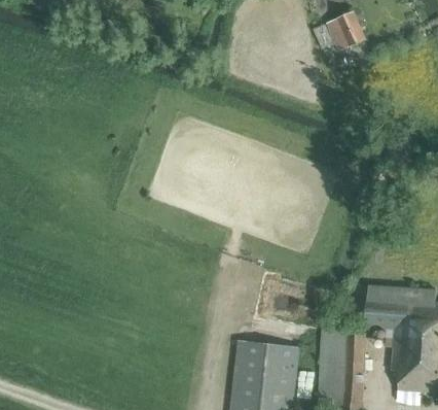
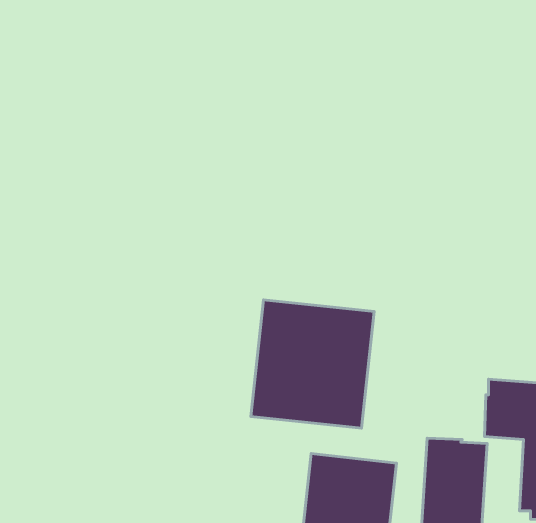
building: [326,10,364,49] -> none
building: none -> [251,300,374,428]

